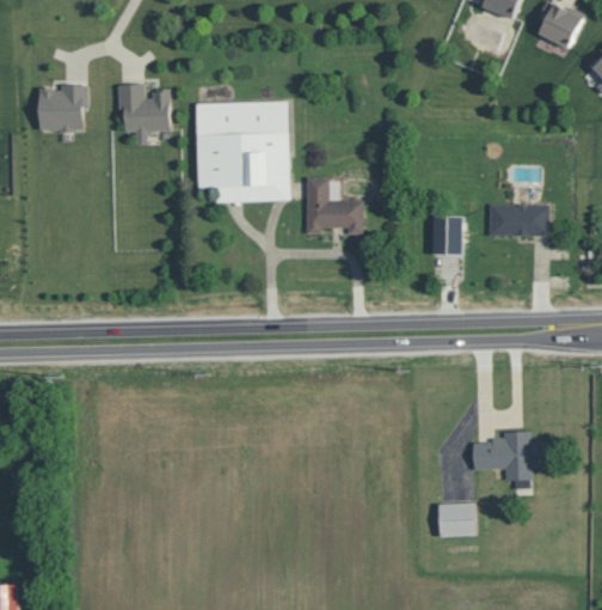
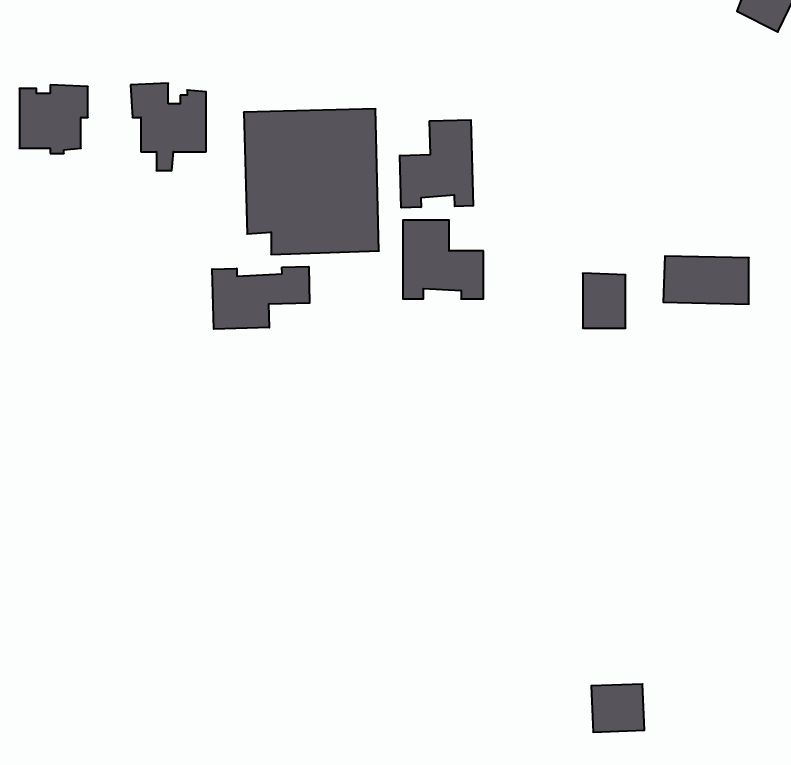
building: none -> [400,120,473,208]
building: none -> [212,267,310,329]
building: [473,431,545,488] -> none

